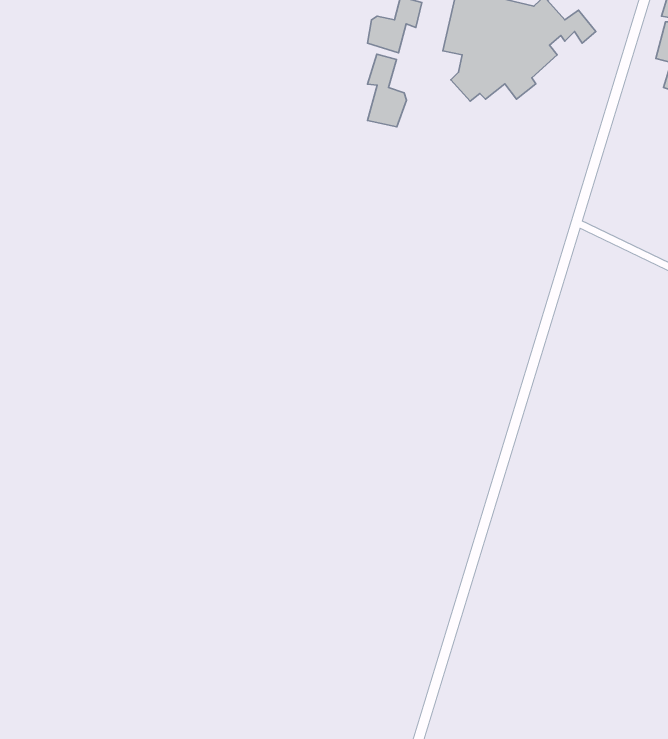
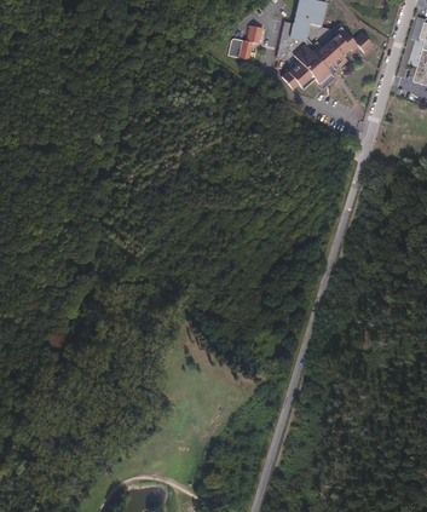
building: [367,54,407,127] -> none

